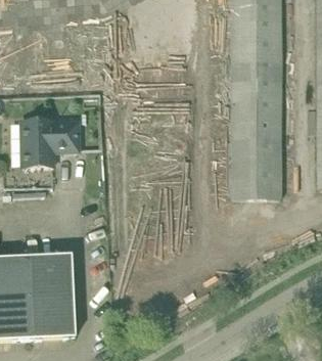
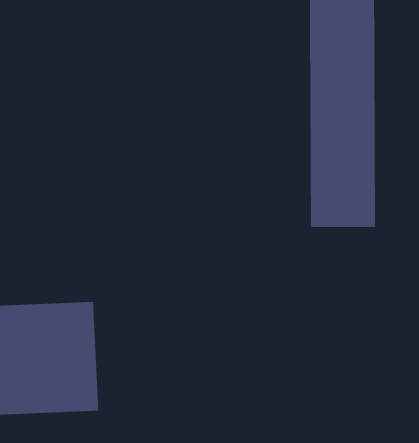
building: [18,119,76,166] -> none

